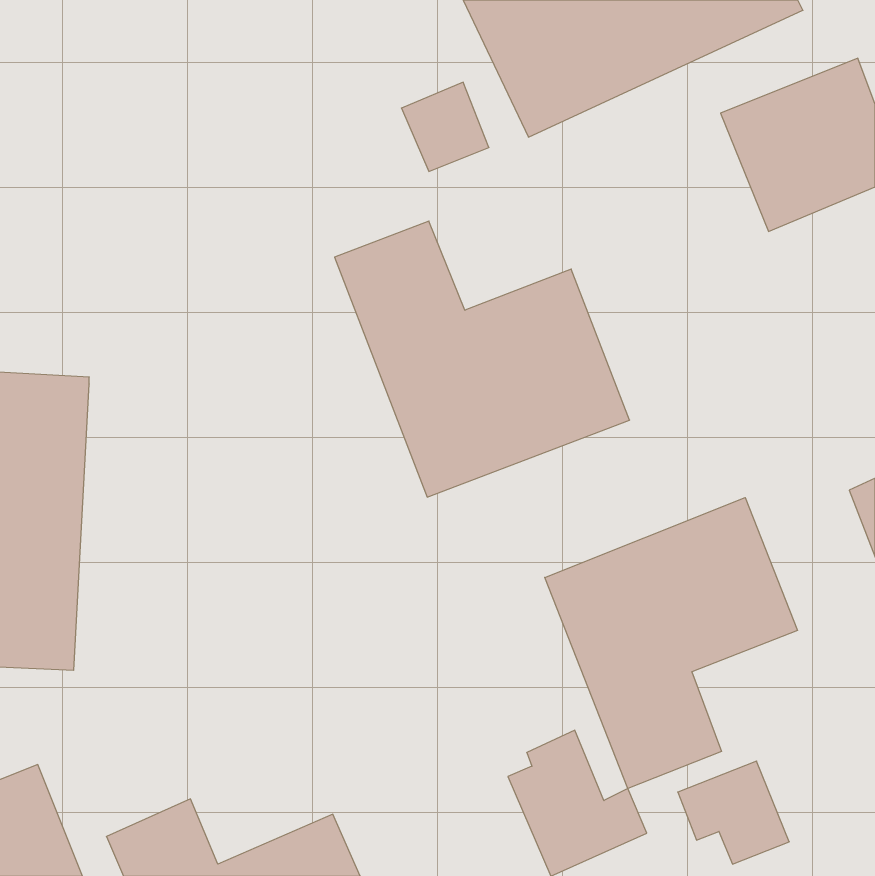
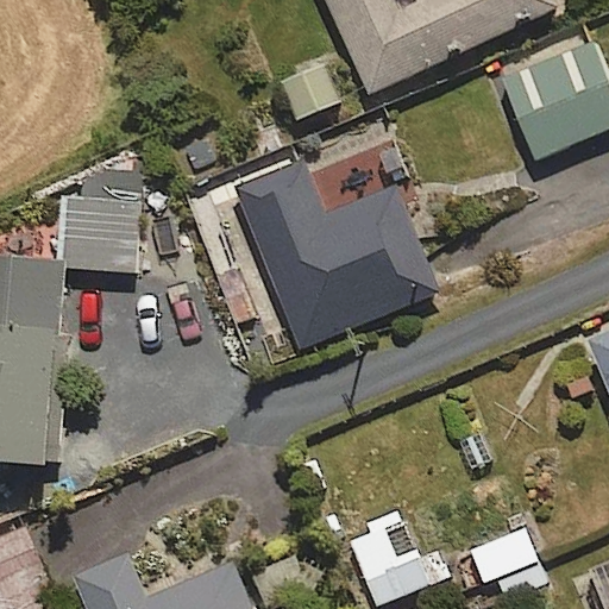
building: none -> [62,194,138,270]
building: [545,498,798,789] -> none

